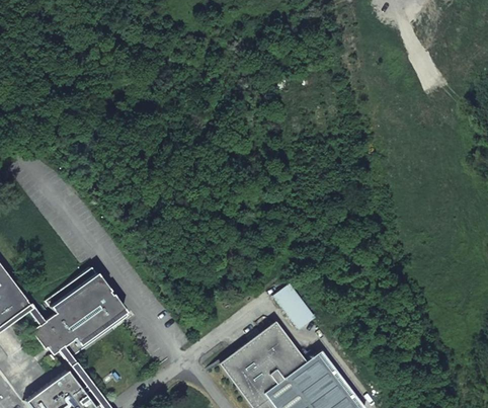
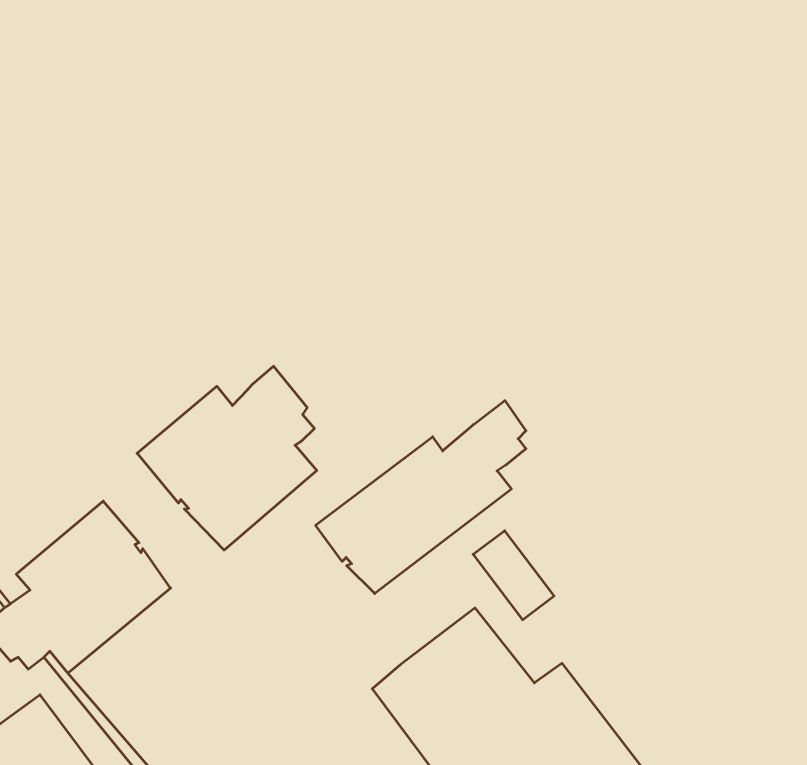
building: none -> [137,366,317,550]
building: none -> [316,401,526,594]

